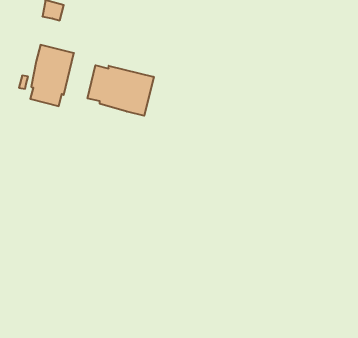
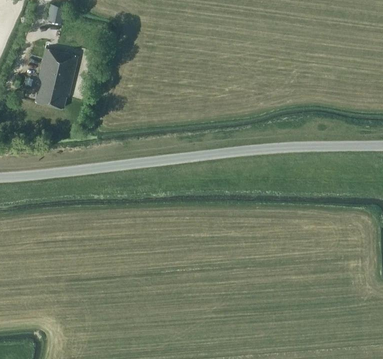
building: [88,65,154,116] -> none

